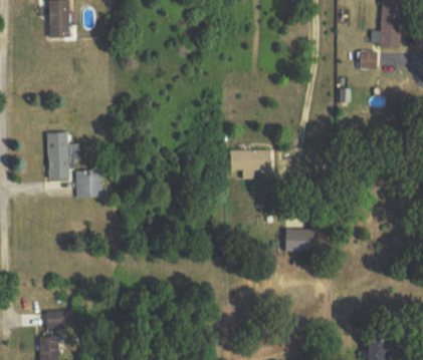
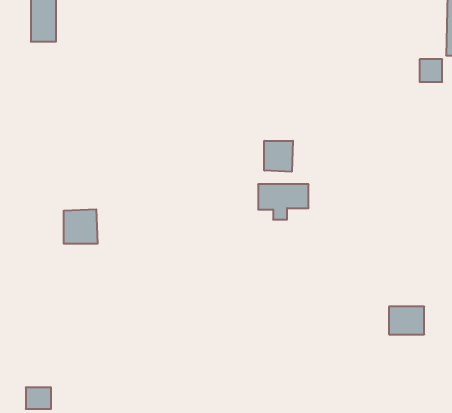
building: none -> [264,141,293,172]
building: [47,132,71,178] -> none
building: [285,230,313,252] -> [389,307,424,334]

